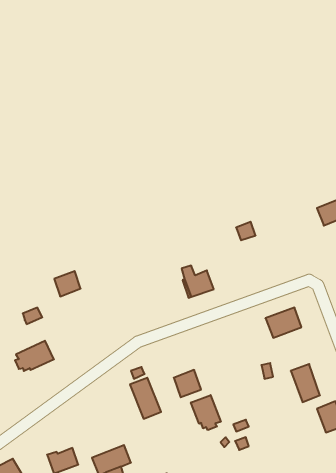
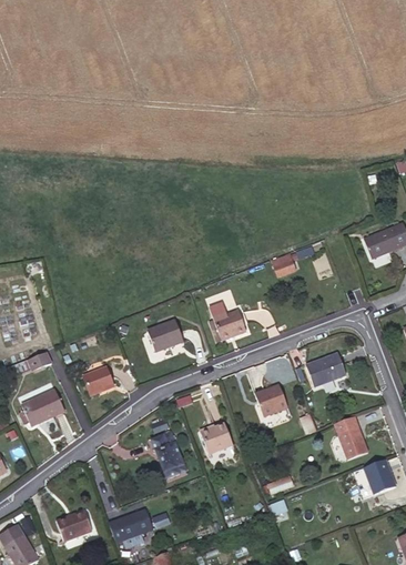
building: [54,271,81,296] -> [83,366,113,395]
building: none -> [148,320,183,351]
building: none -> [254,384,287,416]
building: [191,395,221,430] -> none

